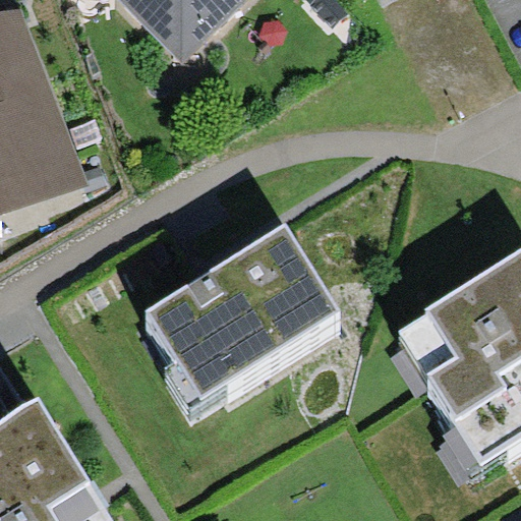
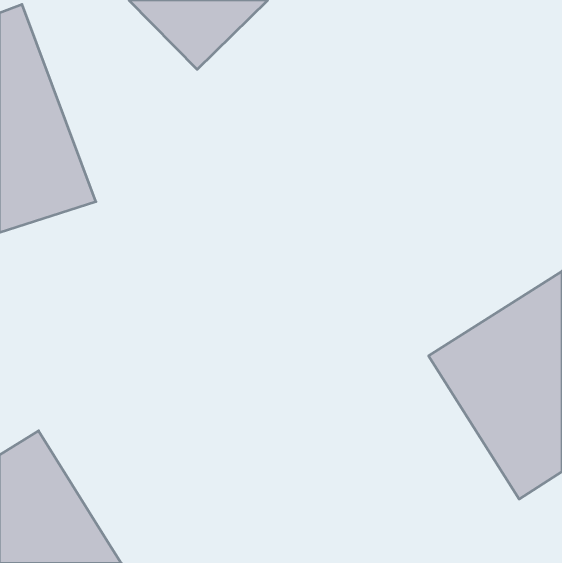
building: [144,225,338,399] -> none

